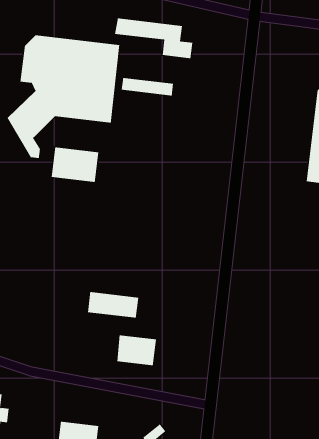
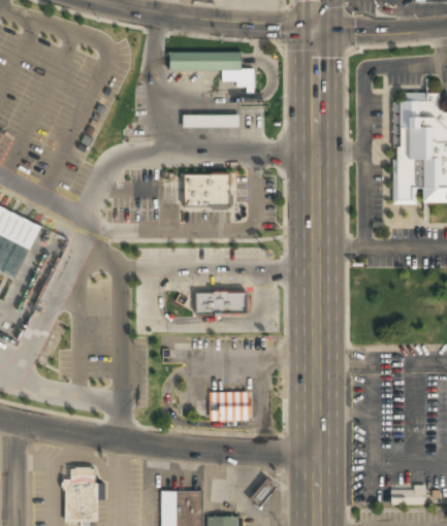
building: [7,34,120,159] -> none
building: [51,147,99,183] -> [181,174,229,207]
building: [87,291,139,318] -> [194,292,248,315]

